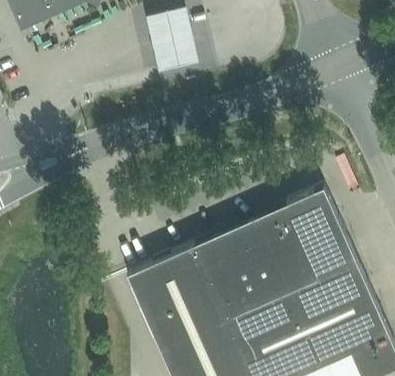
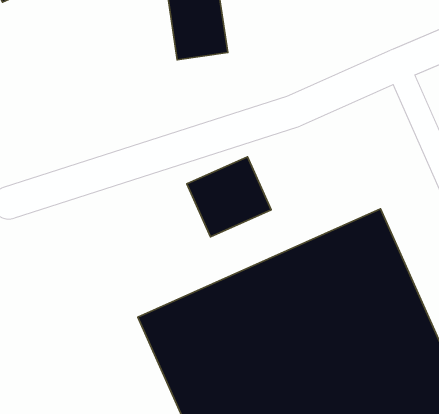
building: none -> [187,157,271,237]

